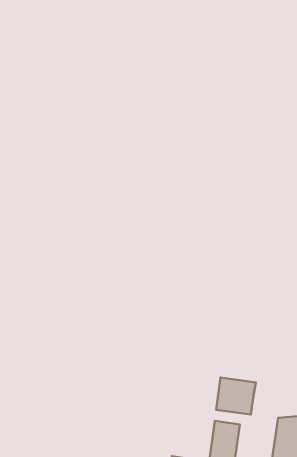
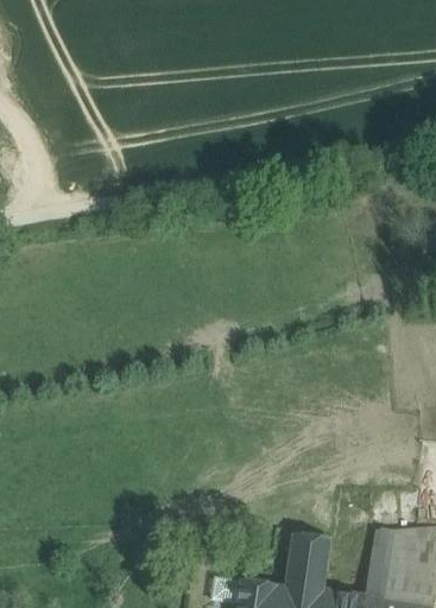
building: [216,378,256,415] -> none

